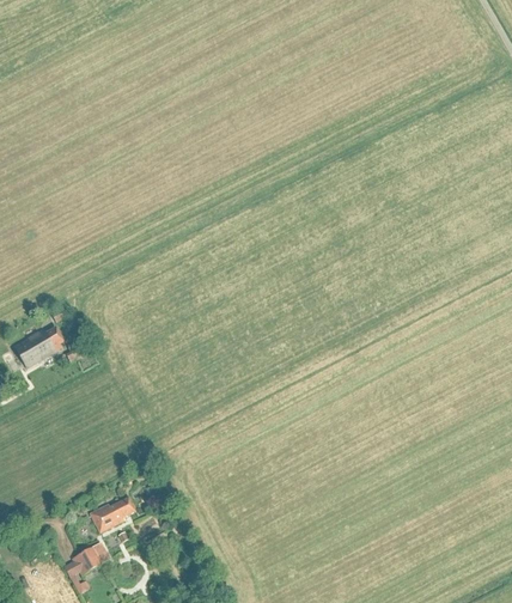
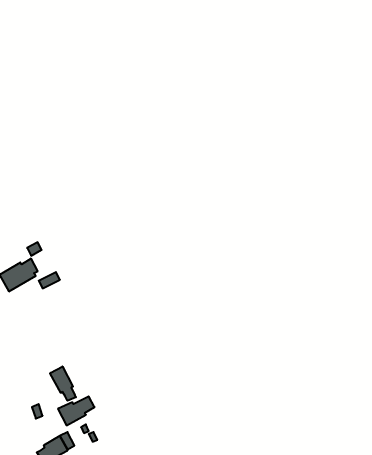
building: none -> [50,366,76,401]

